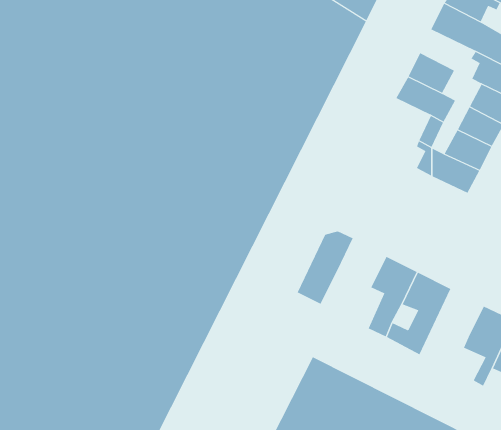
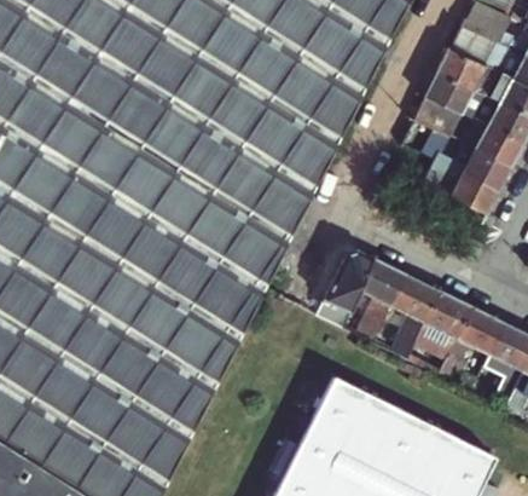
building: none -> [439,47,494,88]
building: none -> [353,256,405,340]
building: none -> [439,307,503,381]

